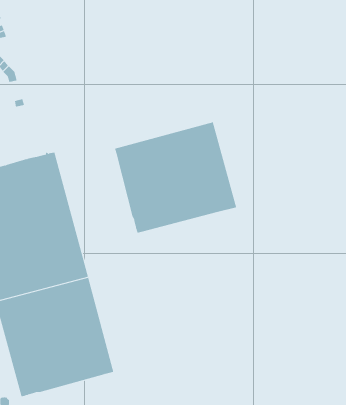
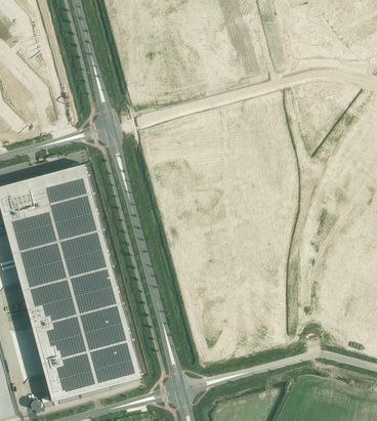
building: [113,122,237,234] -> none

